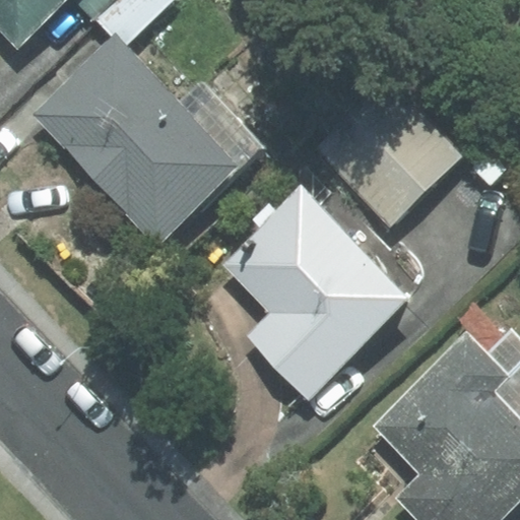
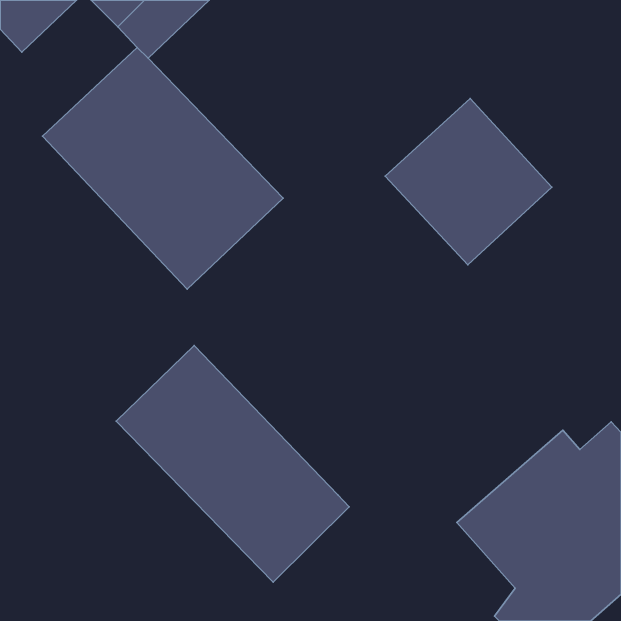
building: [223,189,408,395] -> none
building: none -> [116,345,349,582]

